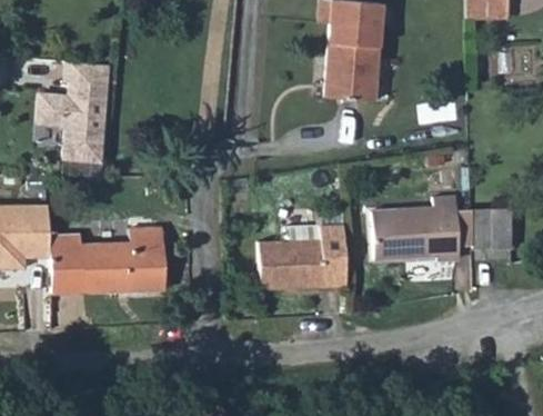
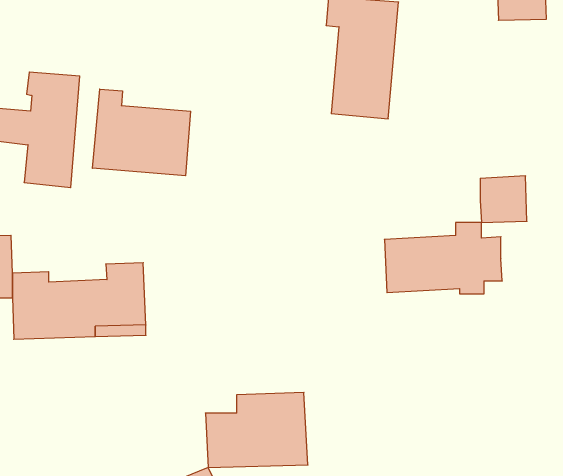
building: none -> [92,89,191,176]
building: [471,205,511,245] -> [480,176,527,223]
building: [258,214,345,278] -> [205,392,308,468]

